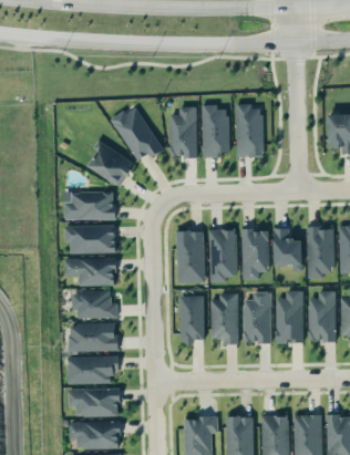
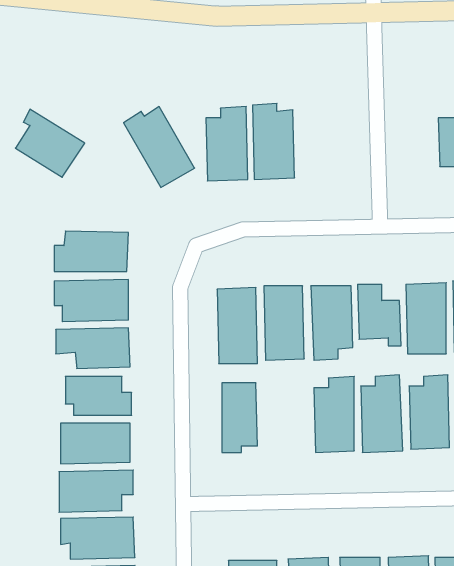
building: [235,105,262,157] -> none
building: [88,139,135,186] -> [15,109,85,177]
building: [210,293,238,344] -> none

